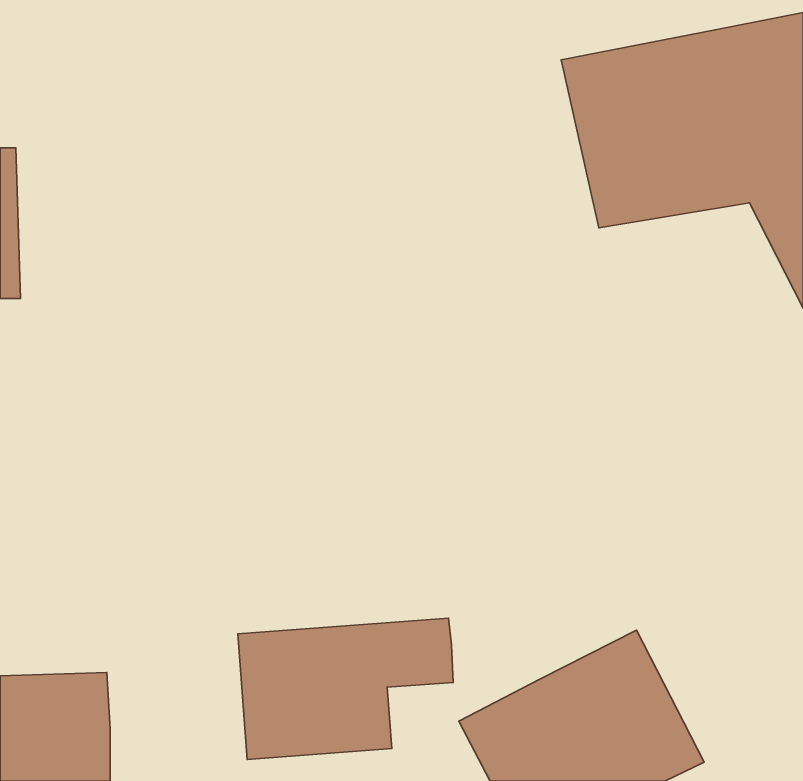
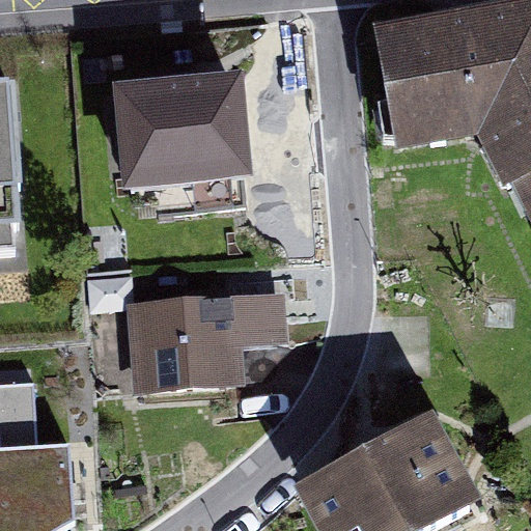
building: none -> [124,83,240,187]
building: [238,618,453,759] -> [135,291,277,385]

